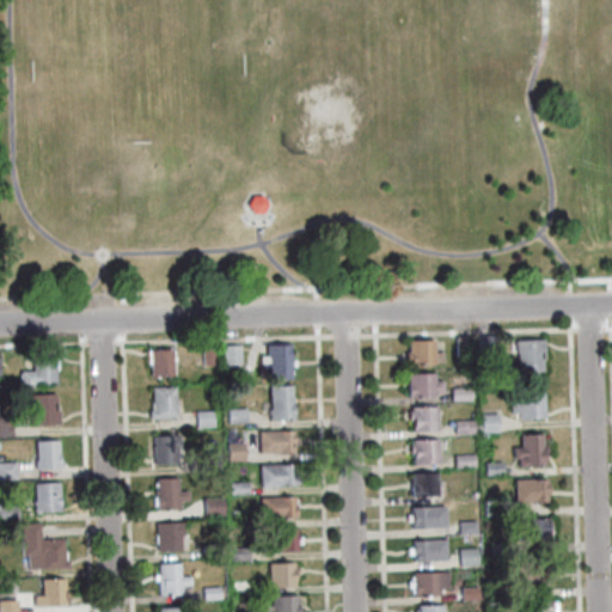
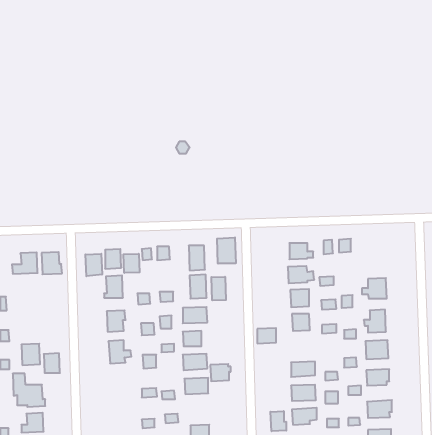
building: none -> [217,237,236,264]
building: [520,341,547,374] -> none
building: none -> [123,254,140,273]
building: none -> [85,254,102,276]
building: none -> [211,277,226,300]
building: [32,394,61,426] -> [42,252,62,274]
building: [38,441,61,469] -> [44,353,60,373]
building: [414,475,440,496] -> [257,328,276,343]
building: [159,524,185,551] -> none
building: [160,564,192,595] -> none
building: [270,564,299,588] -> [210,364,231,381]
building: none -> [270,411,286,431]

